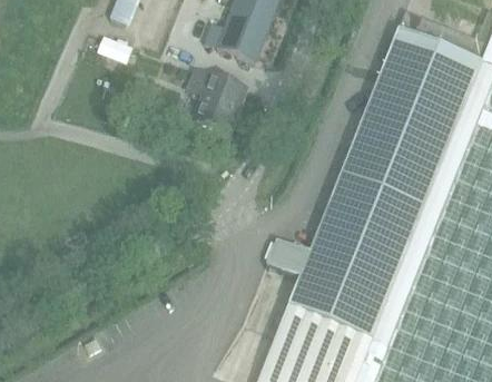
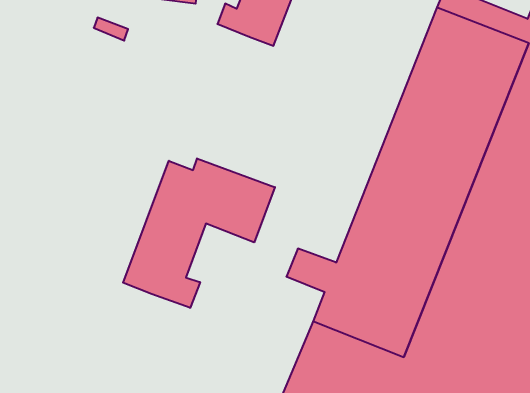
building: [185,71,245,134] -> none
building: none -> [123,158,275,308]

